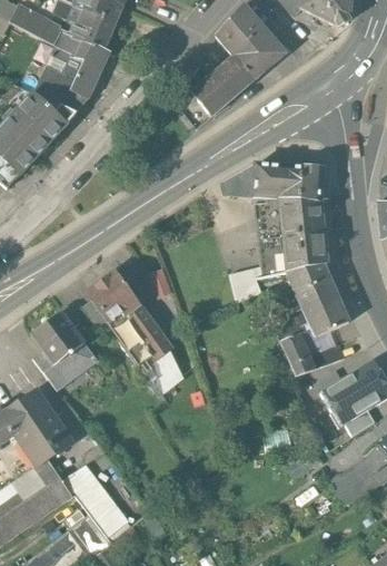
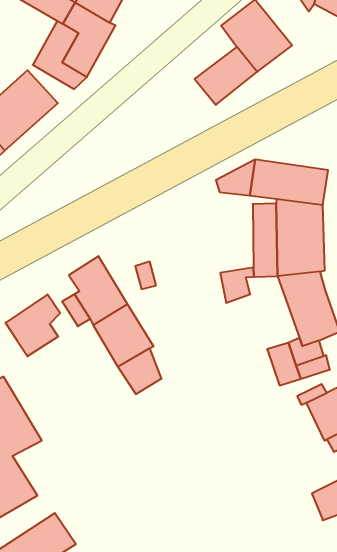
building: [32,344,95,393] -> none
building: [62,462,135,540] -> none

